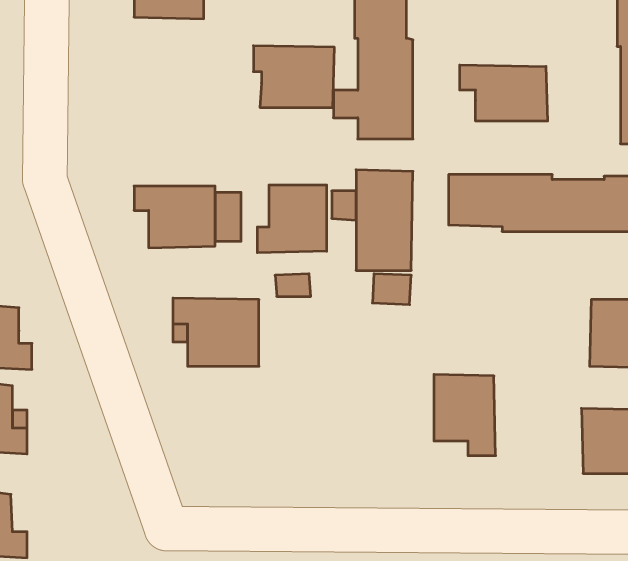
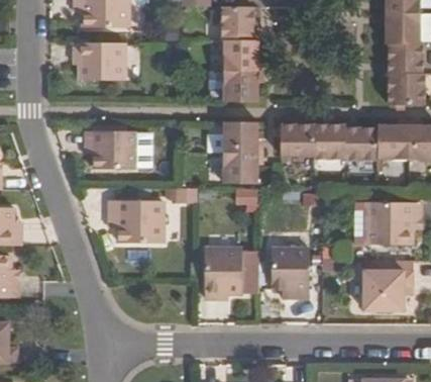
building: [253,46,334,107] -> [75,42,125,81]
building: [460,65,548,121] -> none
building: [257,185,327,253] -> none
building: none -> [204,248,258,299]

